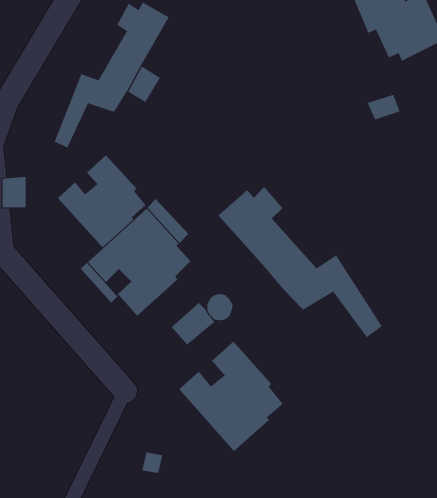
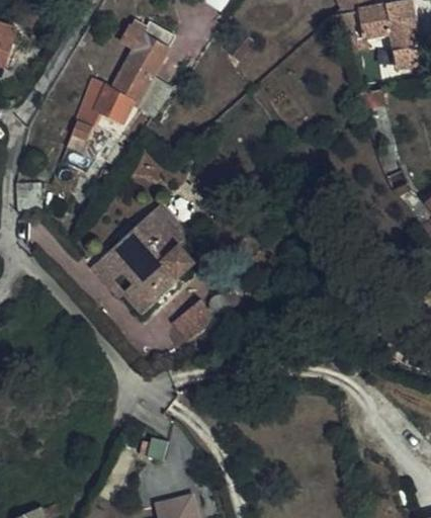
building: [57,155,146,248] -> none
building: [217,186,383,338] -> none
building: [178,341,283,452] -> none

